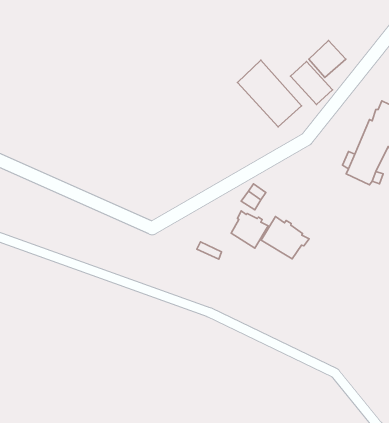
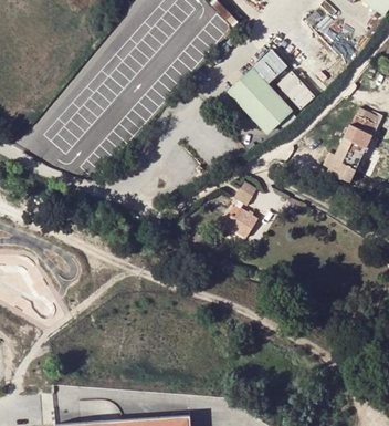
building: [309,41,346,78] -> [255,51,288,84]
building: [261,217,309,259] -> none

